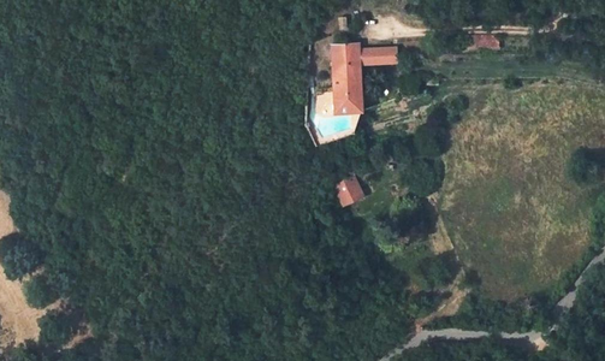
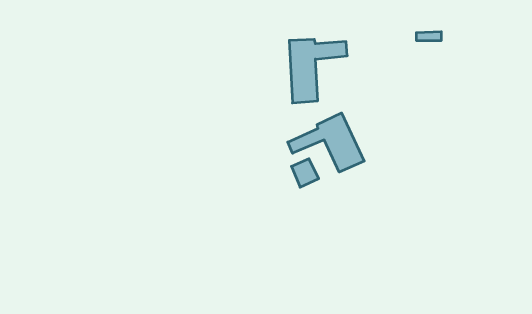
building: none -> [288,113,364,172]

